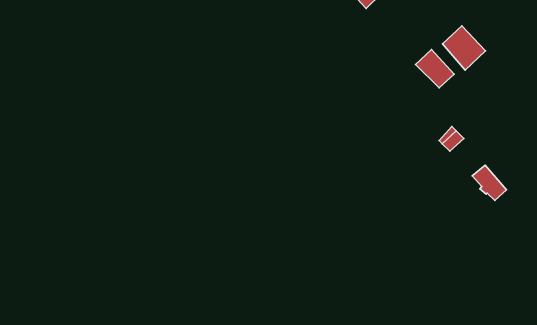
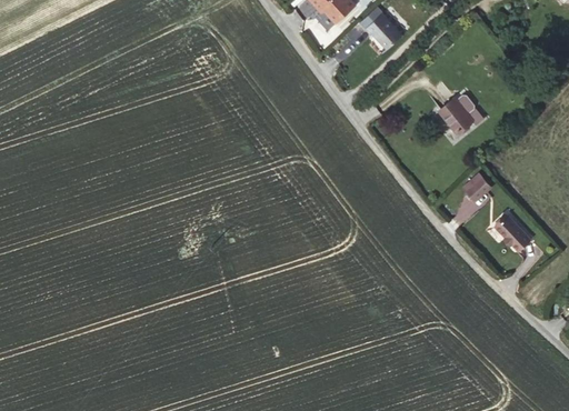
building: [443,26,486,70] -> none

